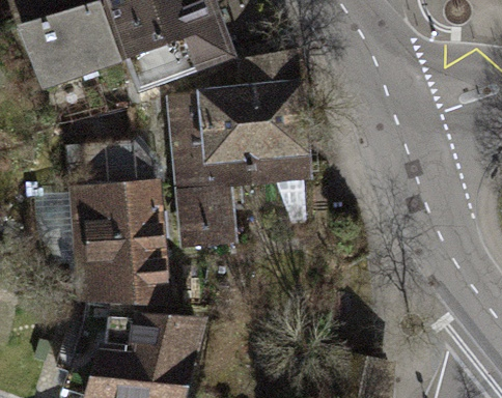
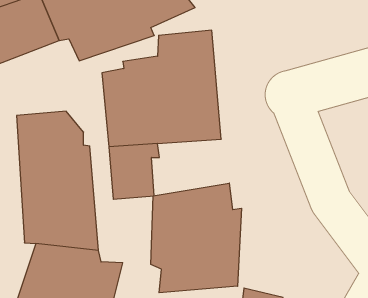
building: none -> [151,183,241,293]

